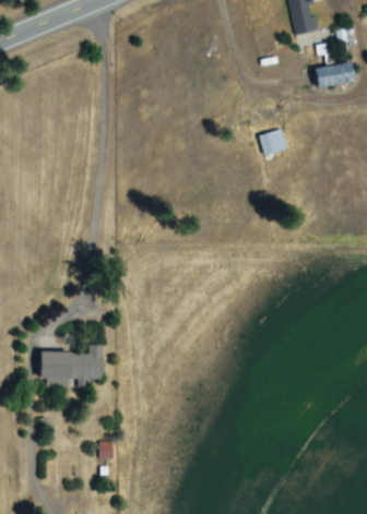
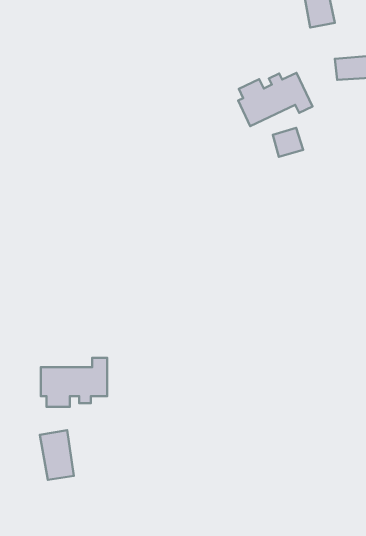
building: none -> [238,73,313,126]
building: none -> [40,430,74,480]

